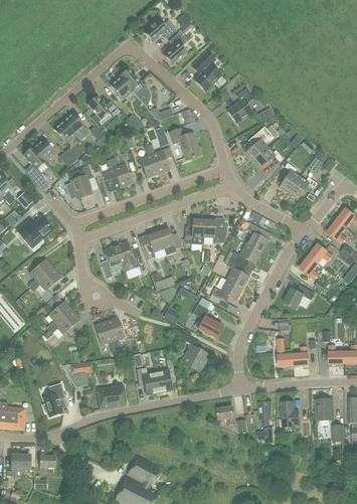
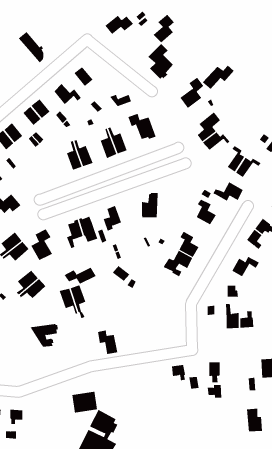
building: [163,31,187,63] -> [153,14,175,43]
building: [119,67,148,107] -> [18,31,44,67]
building: none -> [202,65,234,90]
building: [64,165,93,198] -> none
building: [202,217,227,243] -> none
building: [156,225,181,255] -> none
building: [226,242,260,265] -> [212,182,244,202]
building: none -> [31,228,53,263]
building: [192,297,221,338] -> none
building: none -> [64,267,98,284]
building: [181,335,209,372] -> none
building: [155,359,175,392] -> none
building: [41,381,63,415] -> none
building: [97,384,126,408] -> [71,391,98,413]
building: [281,400,299,427] -> [246,408,263,432]

